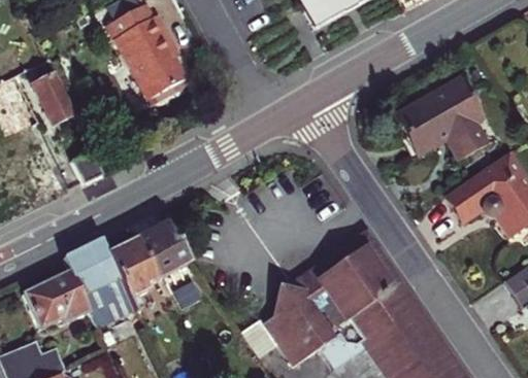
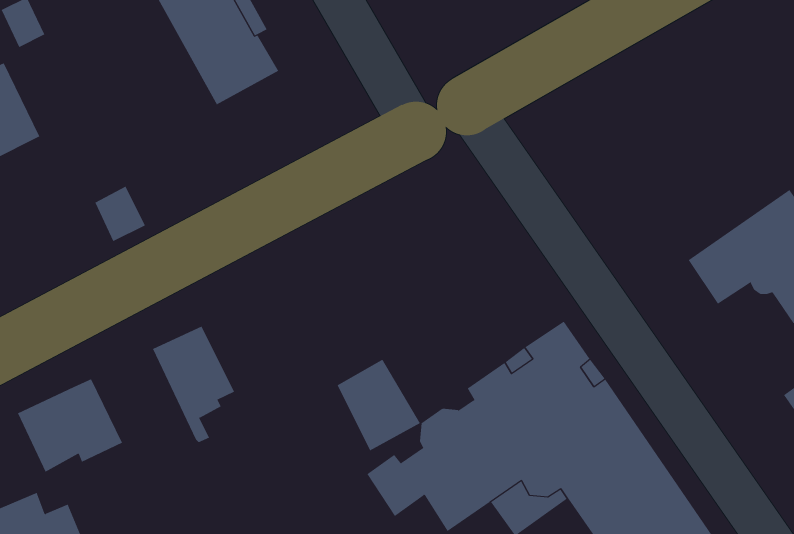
building: [26,61,74,126] -> none
building: [395,77,485,160] -> none
building: [139,221,192,279] -> [337,359,421,451]
building: [63,238,135,328] -> none

